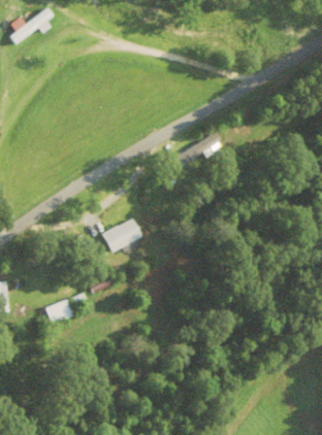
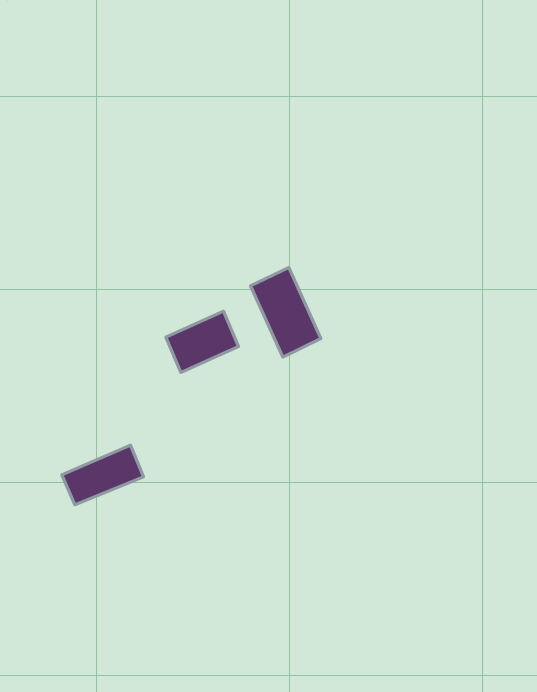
building: none -> [251,267,321,357]

